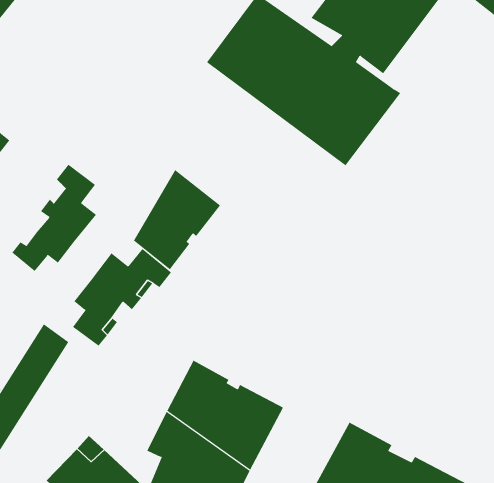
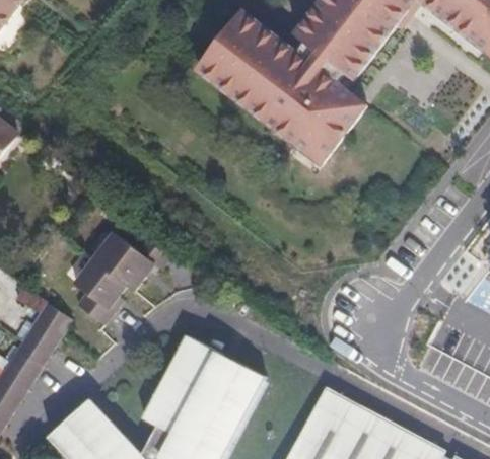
building: [12,164,97,272] -> none
building: [133,169,221,270] -> none

